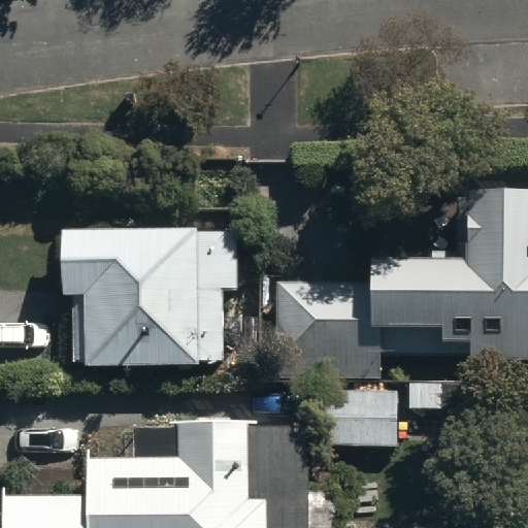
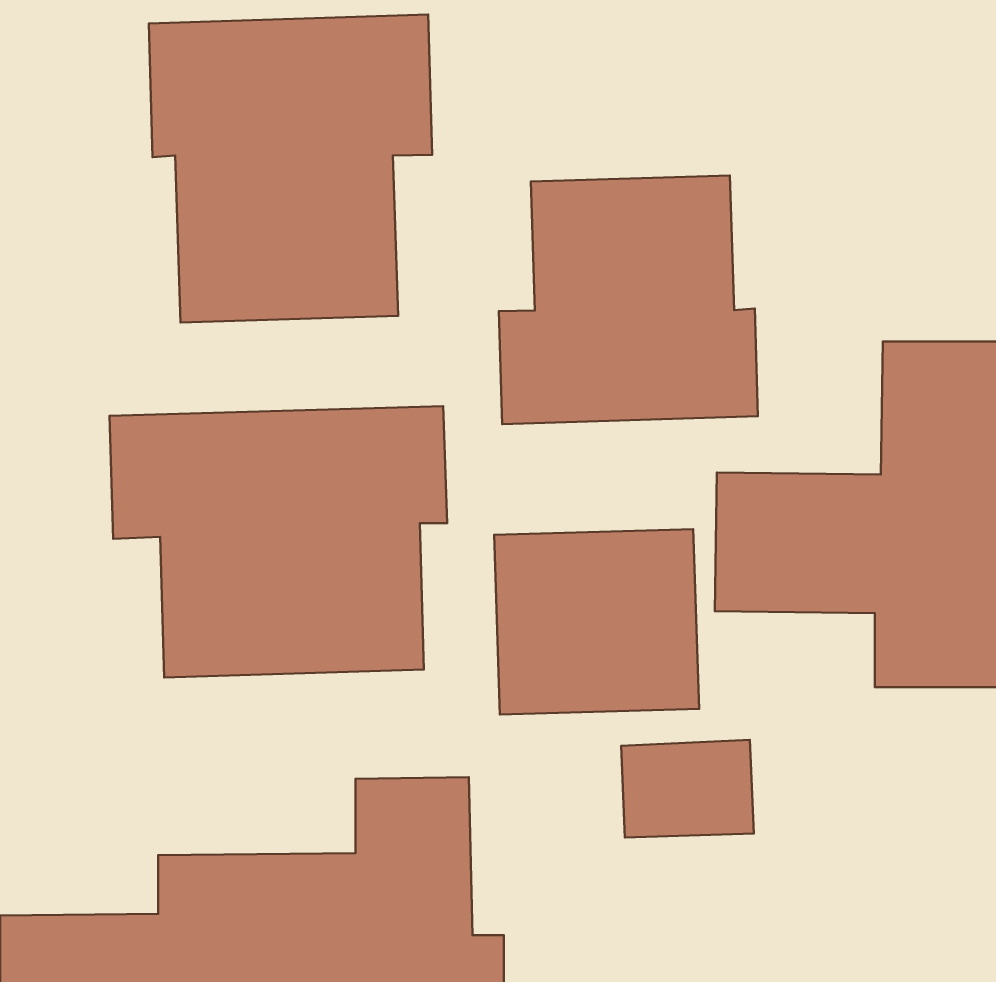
building: none -> [149,15,432,322]
building: none -> [499,176,758,424]

